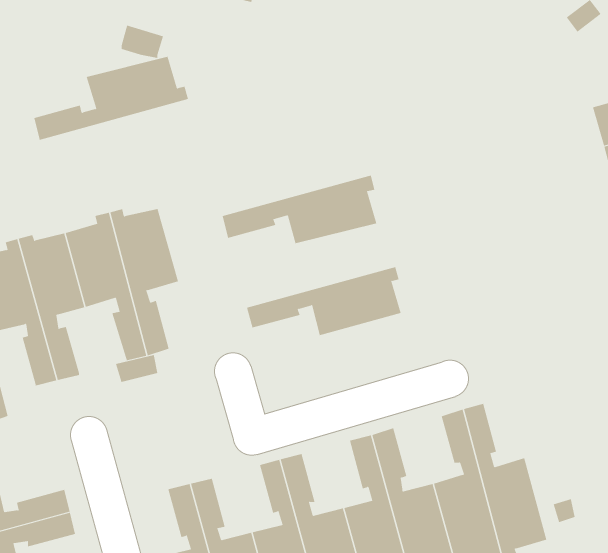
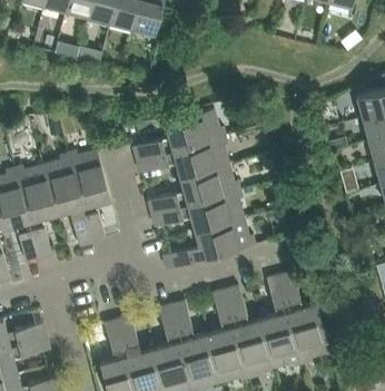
building: [34,56,189,140] -> [132,110,225,160]
building: none -> [147,165,239,215]
building: none -> [161,218,255,270]

